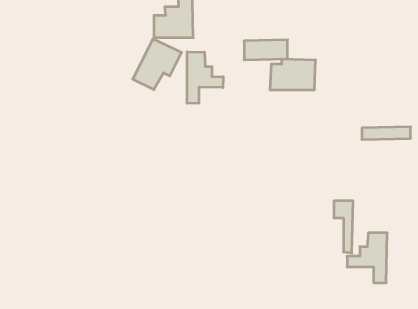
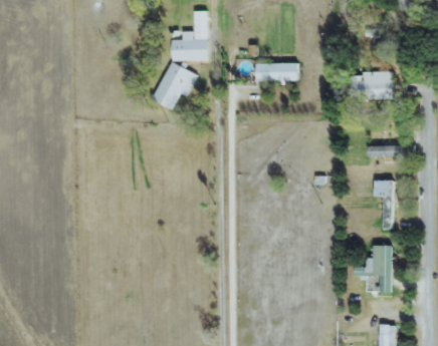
building: [187,52,223,103] -> none
building: [270,59,316,90] -> [351,70,394,99]
building: [334,201,353,253] -> [375,180,393,229]

